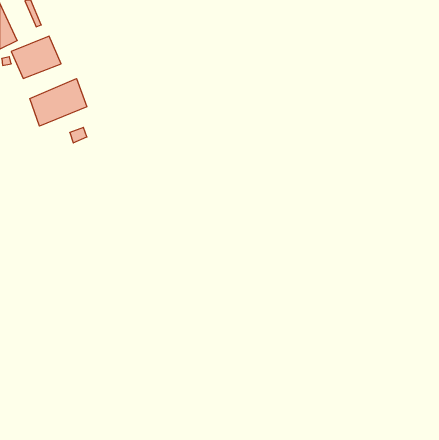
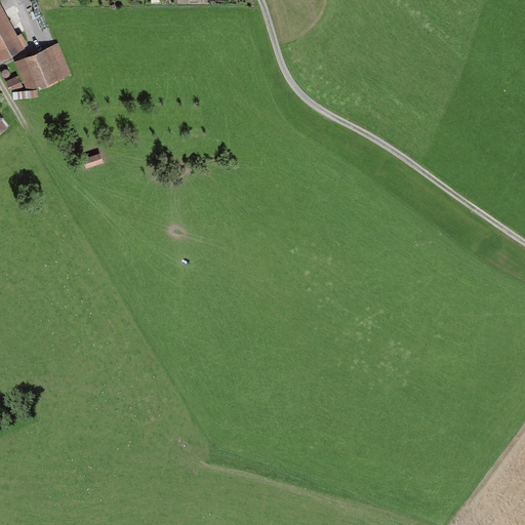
building: [30,79,87,126] -> none

